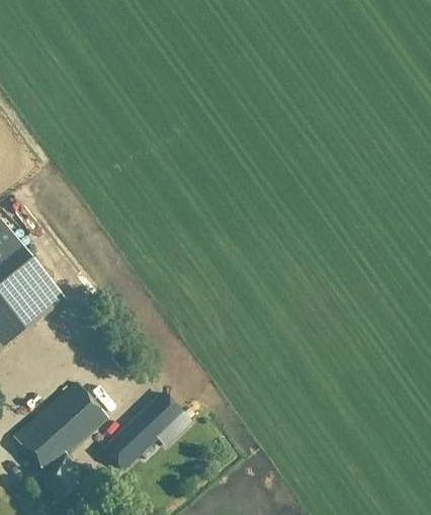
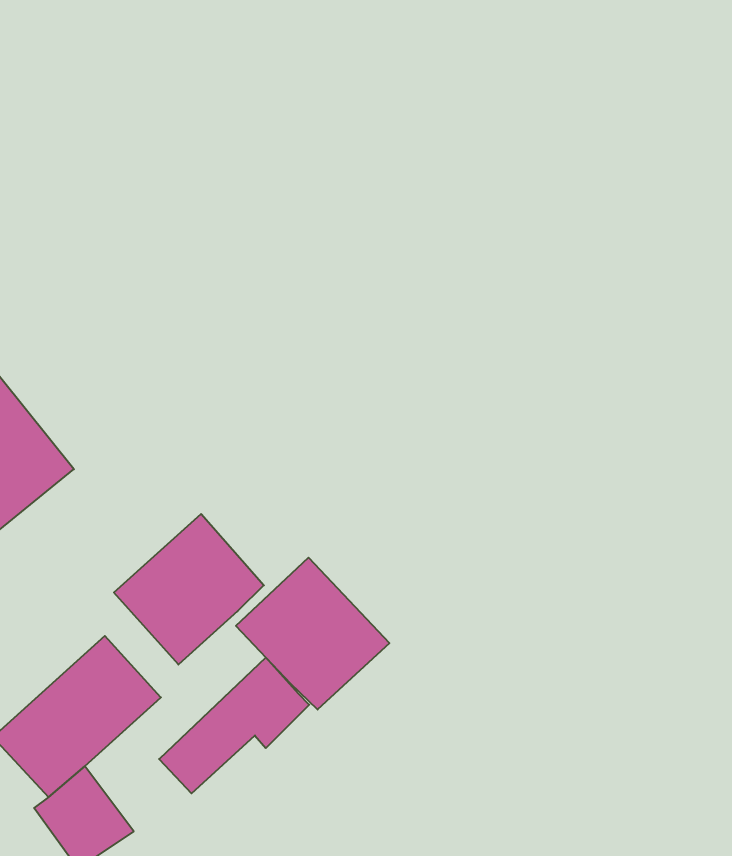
building: none -> [114,514,264,665]
building: none -> [236,558,389,710]

